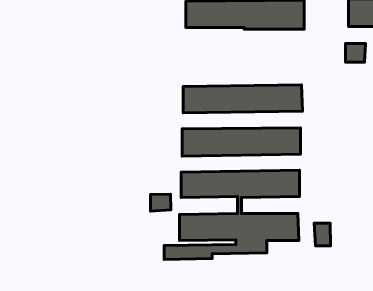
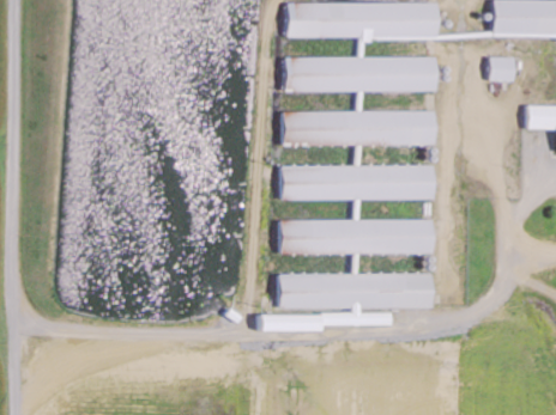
building: none -> [285,56,436,92]
building: [150,194,171,211] -> none
building: [314,223,331,246] -> none

